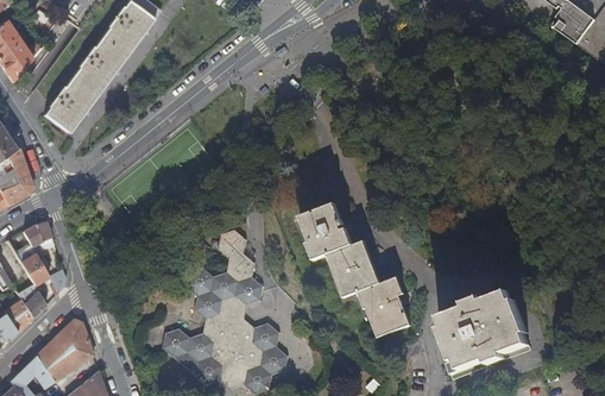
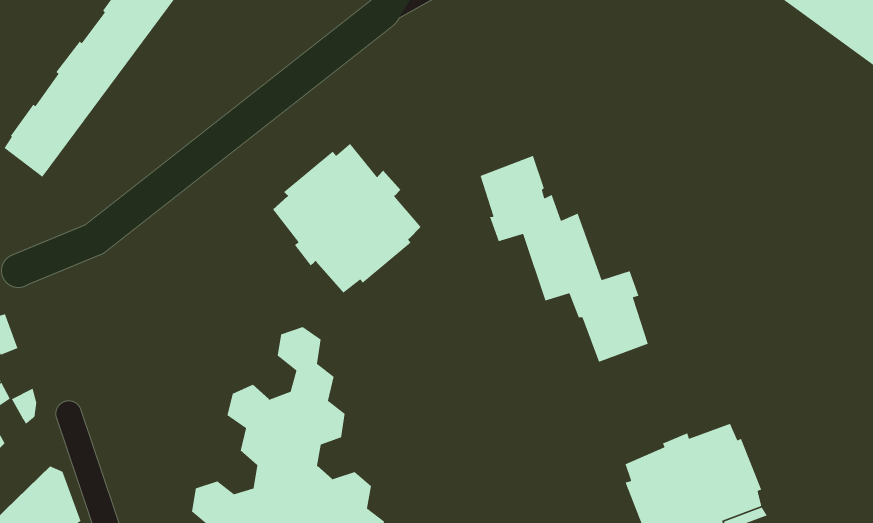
building: none -> [272,143,421,293]
building: [302,203,410,337] -> [480,155,649,363]

